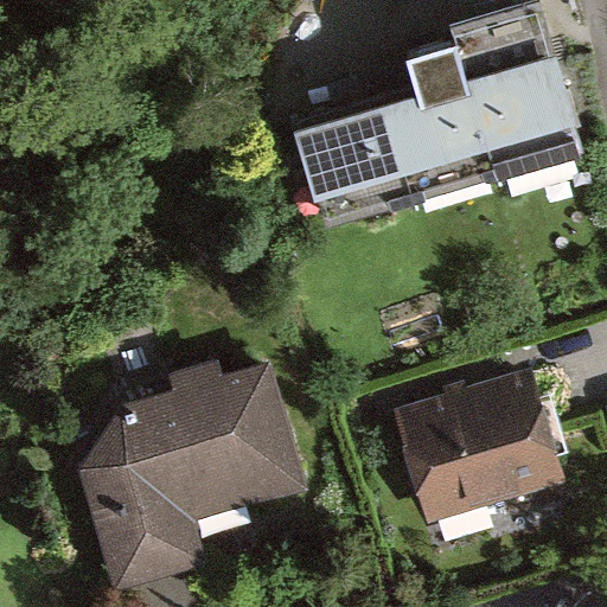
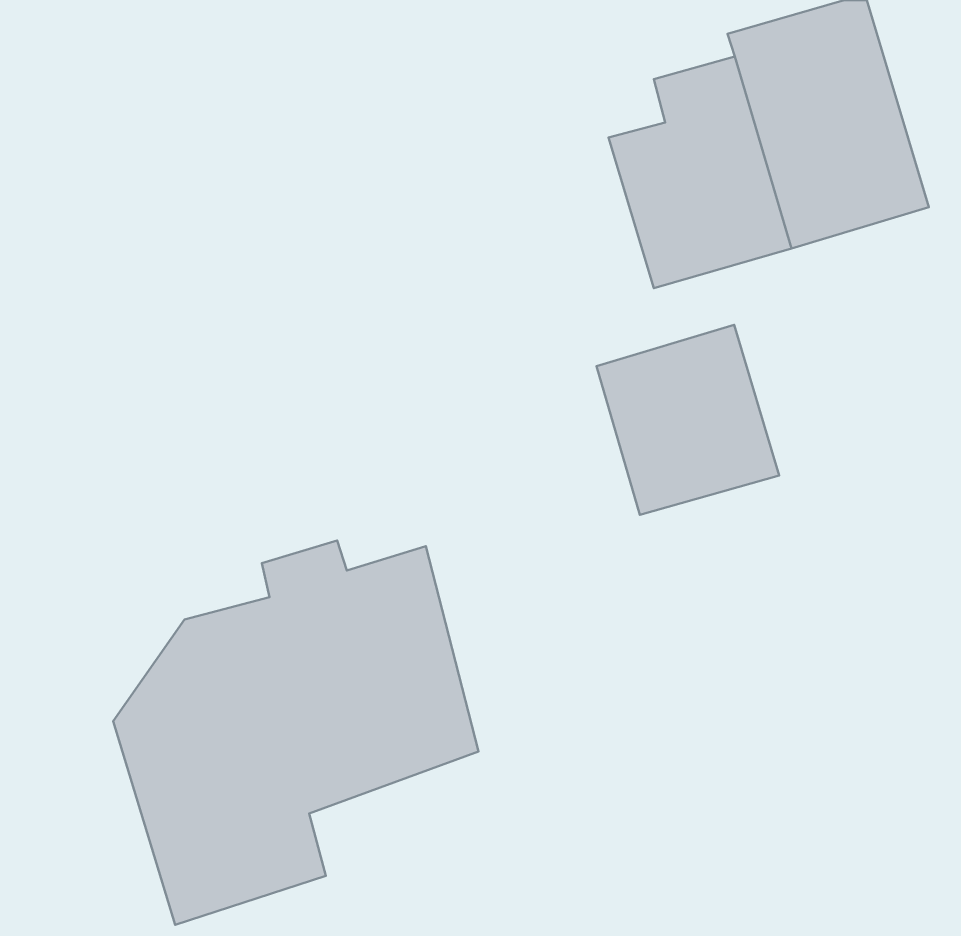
building: [298,103,413,223] -> [597,325,779,515]
building: [392,363,564,525] -> none

